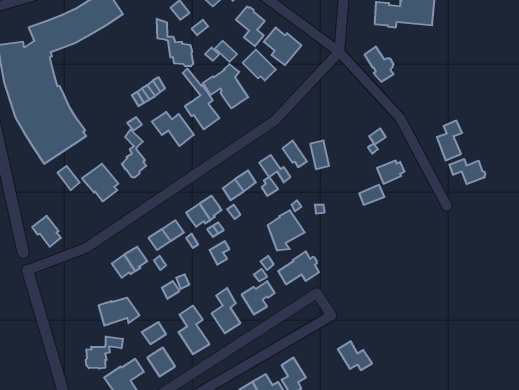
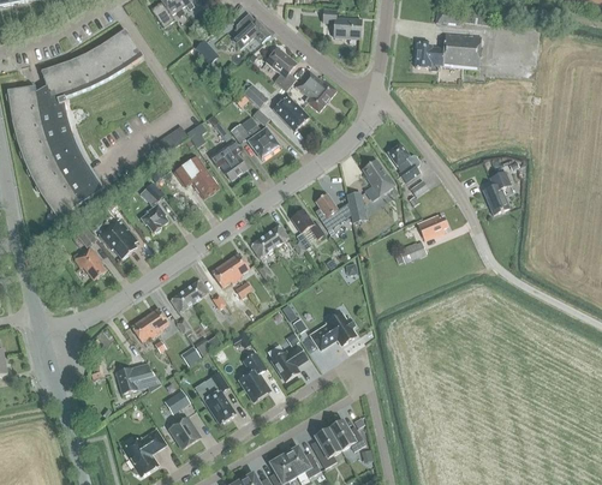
building: [157,19,193,66] -> none
building: [365,46,394,82] -> [387,142,418,180]
building: none -> [360,158,393,199]
building: [449,159,485,184] -> none
building: [268,210,305,251] -> none
building: [32,216,61,247] -> [73,246,105,280]
building: [86,336,123,369] -> none
building: [338,341,372,370] -> [327,419,364,450]

